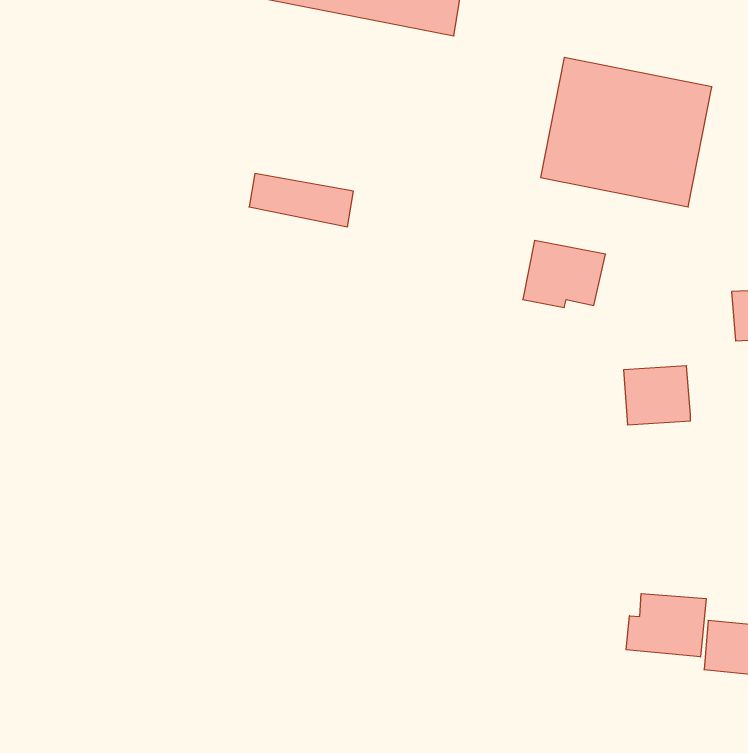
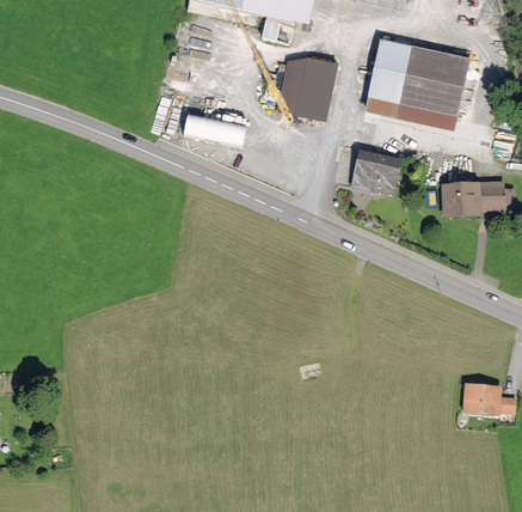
building: none -> [277,57,339,121]
building: [624,366,690,425] -> [441,182,481,218]
building: [626,594,706,657] -> none

